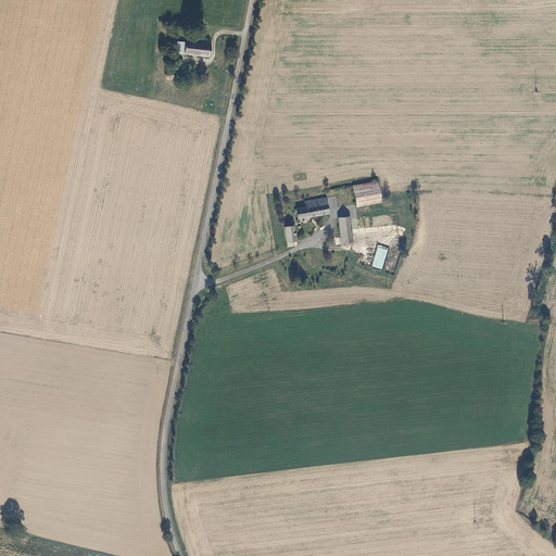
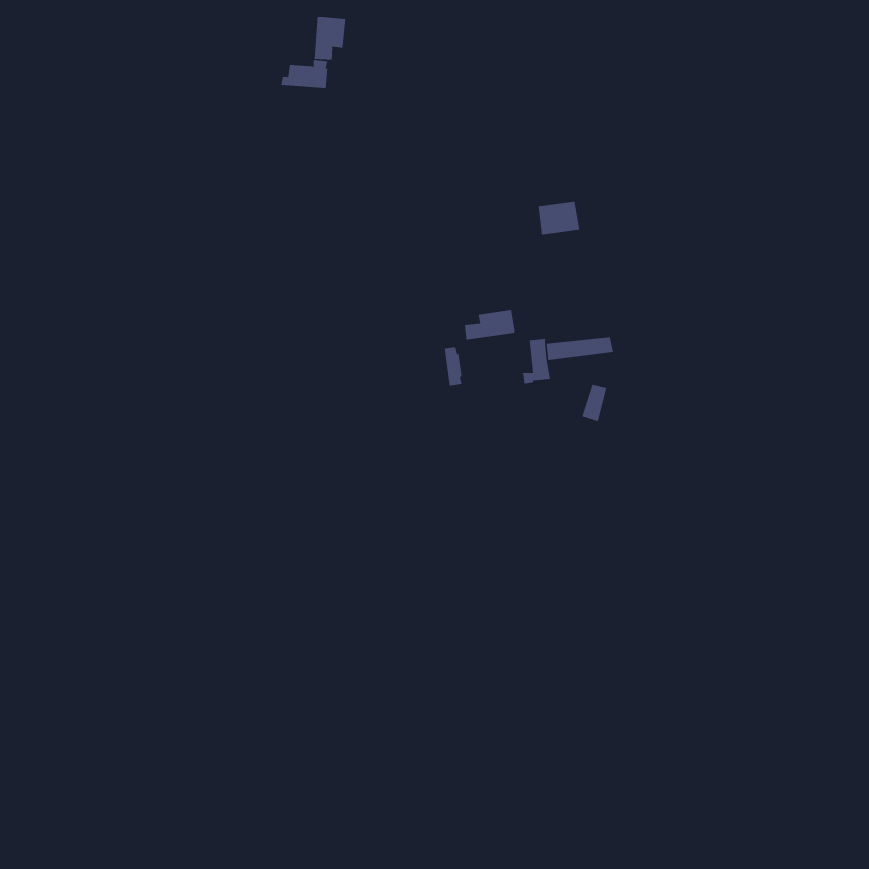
building: none -> [314,16,346,61]
building: [354,181,381,203] -> [538,201,580,235]

